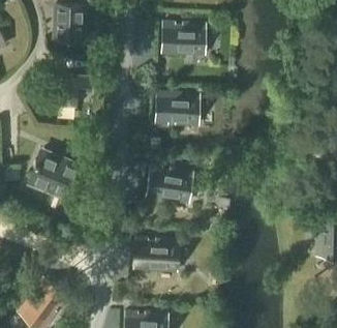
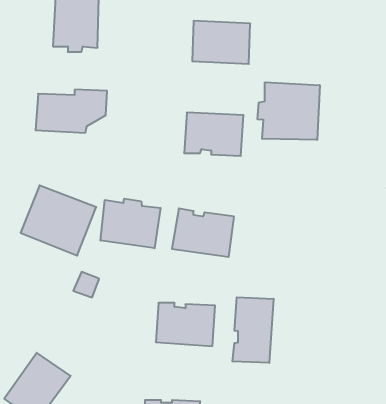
building: none -> [258,82,320,140]
building: none -> [101,199,161,248]
building: none -> [232,297,274,363]

